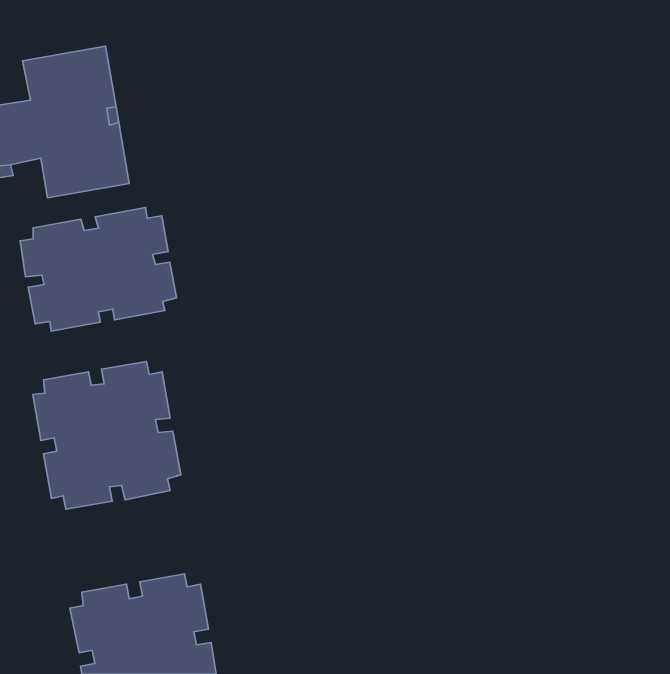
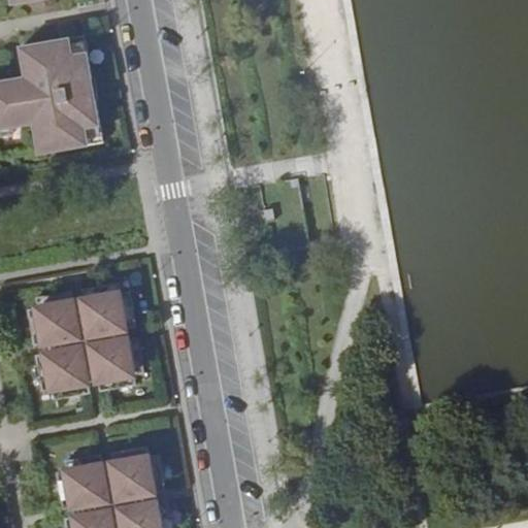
building: [20,208,176,331] -> none

